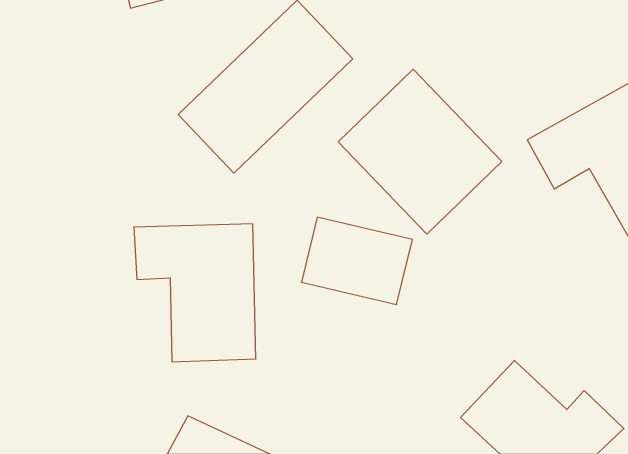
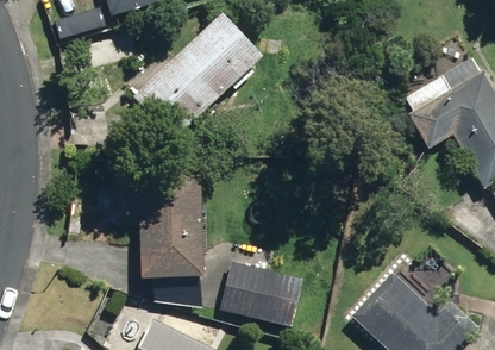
building: [338,69,502,234] -> none
building: [301,217,412,304] -> [219,261,302,326]

